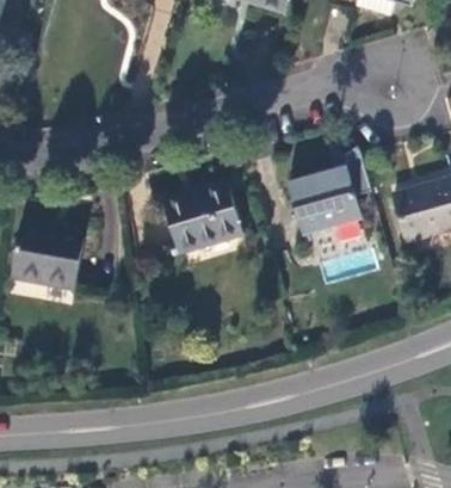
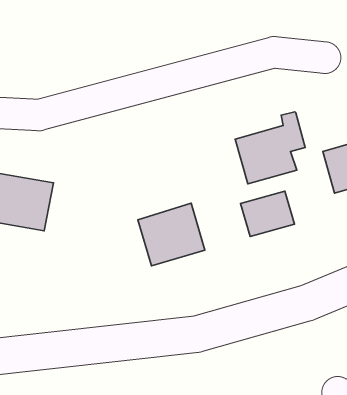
building: [166,183,242,254] -> [138,203,205,266]
building: none -> [241,191,294,236]

